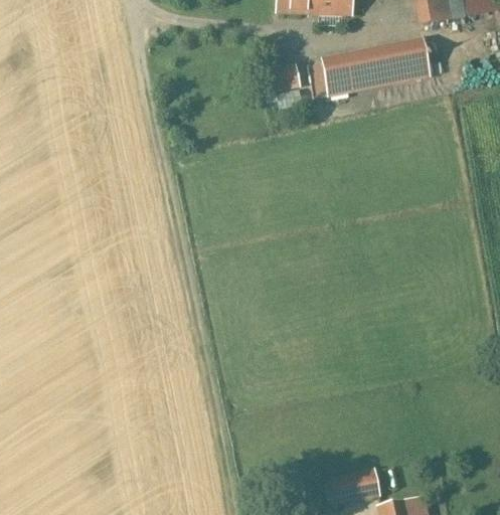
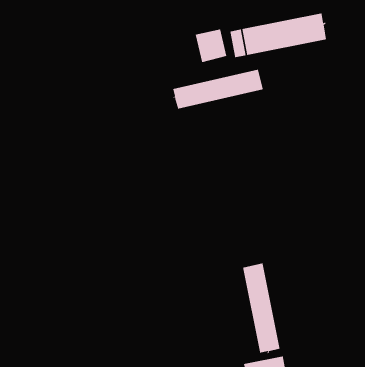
building: none -> [172,69,263,109]
building: none -> [243,263,280,355]

